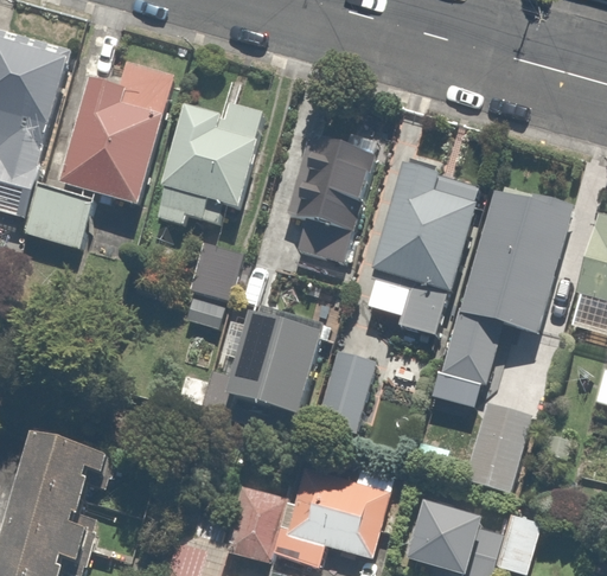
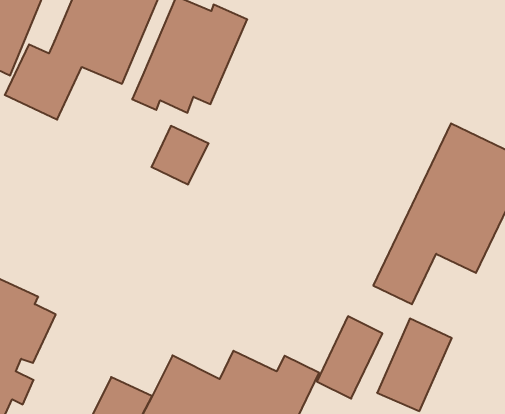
building: [270,126,373,264] -> none
building: [364,169,475,340] -> none
building: [222,311,320,415] -> none
building: [314,350,375,435] -> [317,316,382,399]

